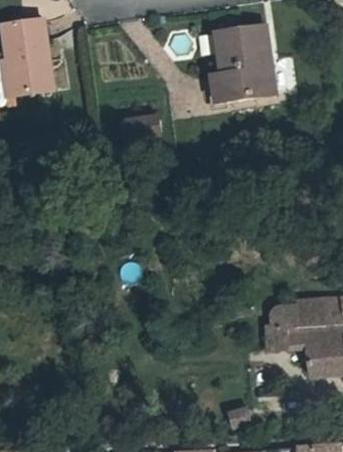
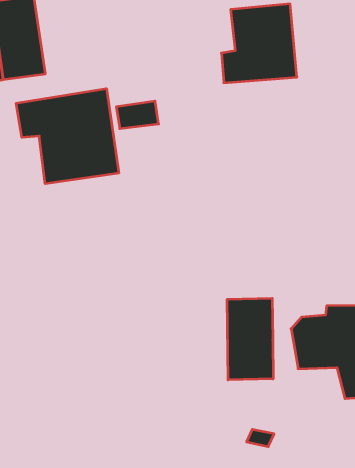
building: none -> [16,89,119,184]
building: none -> [227,298,273,380]

